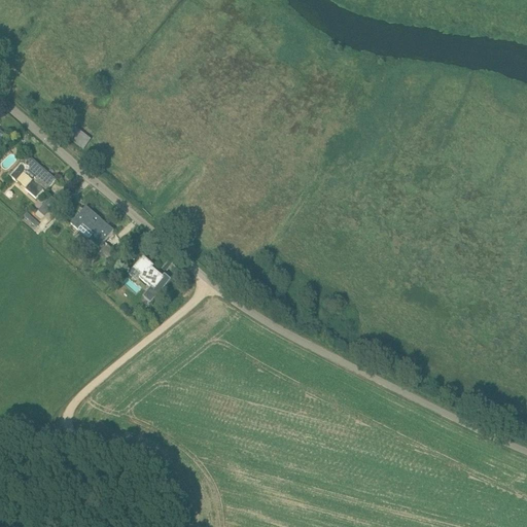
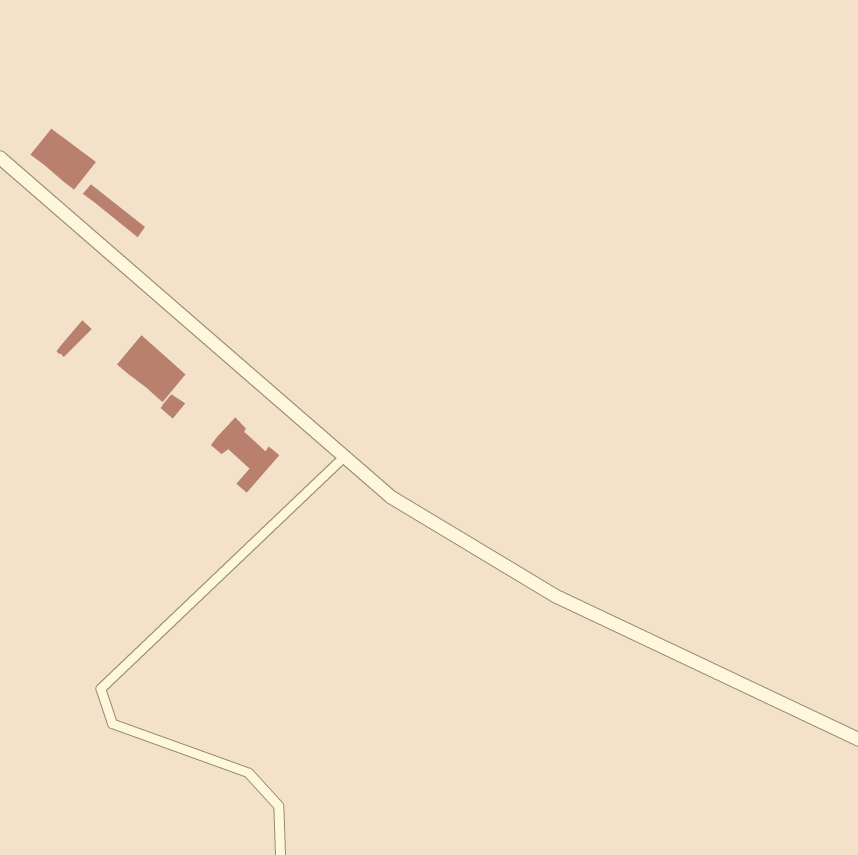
building: none -> [29,128,97,191]
building: [10,153,57,197] -> none

